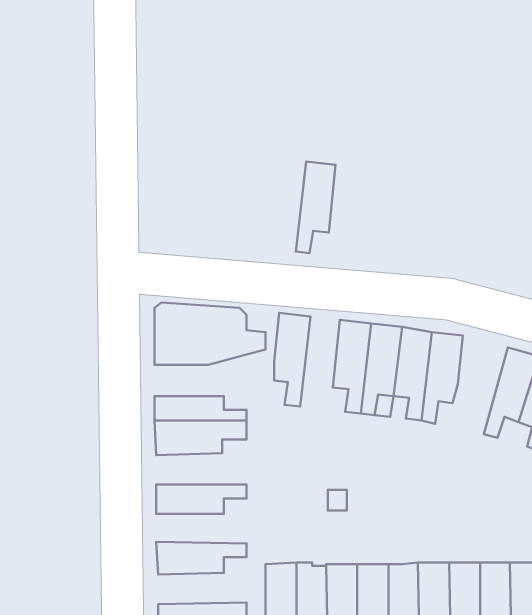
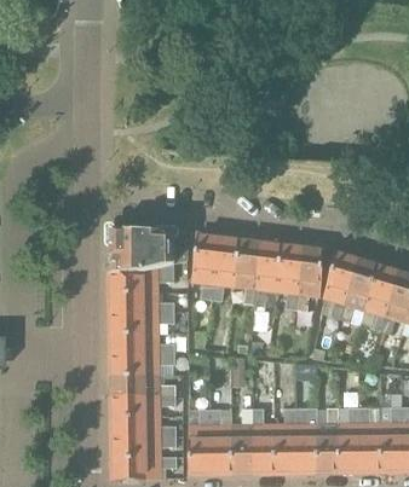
building: [296,161,336,253] -> [212,238,240,302]
building: none -> [326,254,357,320]
building: none -> [110,265,174,294]
building: none -> [111,334,174,355]
building: none -> [111,376,174,396]
building: none -> [113,417,174,439]

